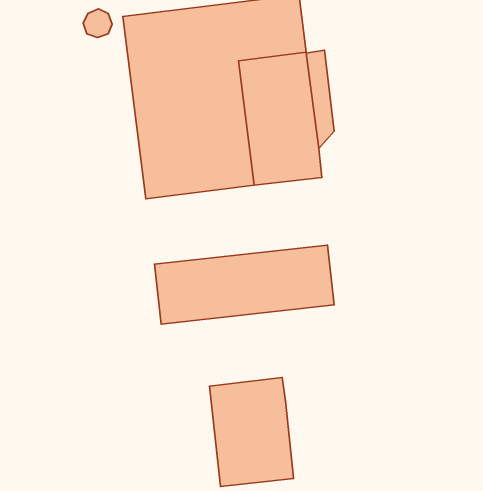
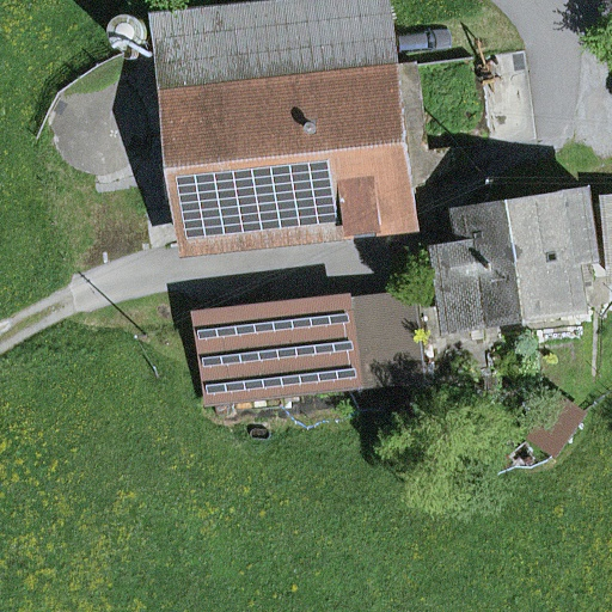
building: none -> [432,192,583,325]
building: [209,378,294,486] -> none

